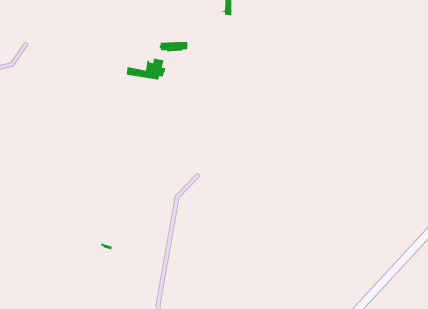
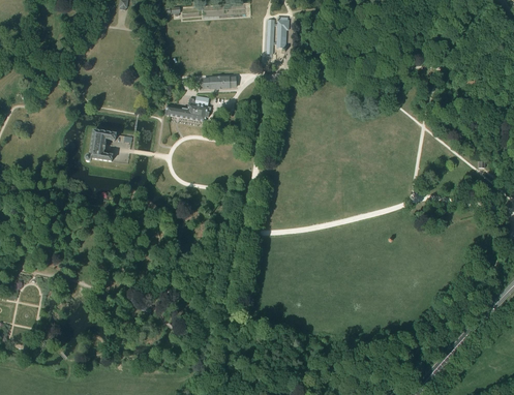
building: none -> [86,128,117,159]

